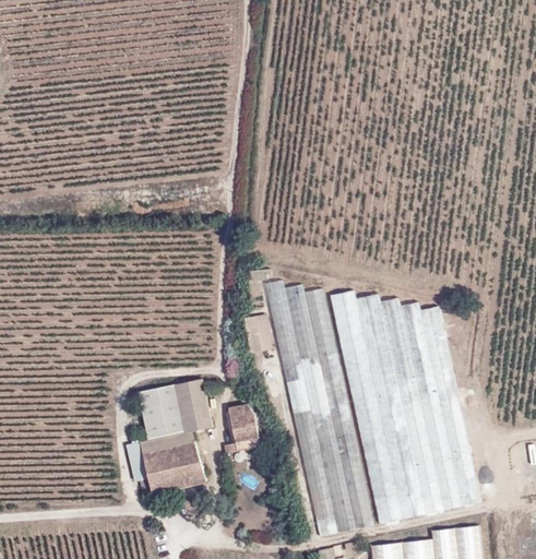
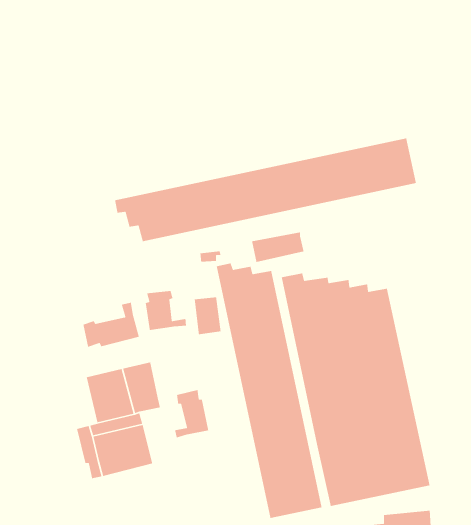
building: none -> [114,138,417,242]
building: none -> [251,231,304,263]
building: none -> [145,290,187,331]
building: none -> [82,302,140,348]

